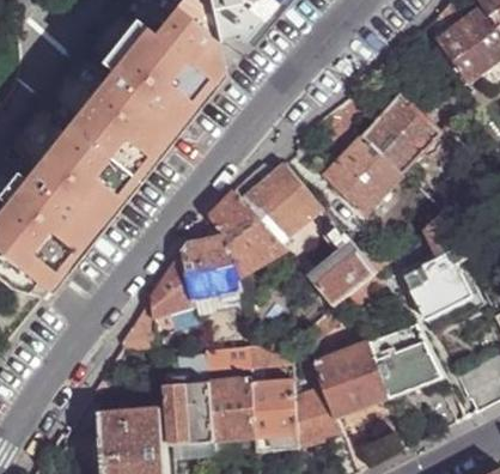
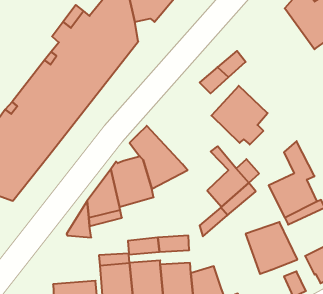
building: [361,93,440,172] -> none
building: [232,162,322,244] -> none
building: [318,342,391,420] -> none

